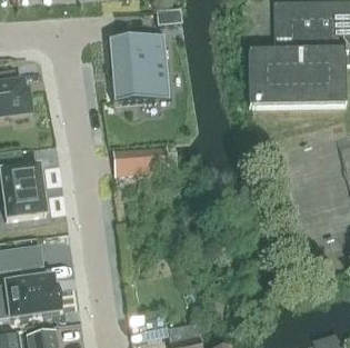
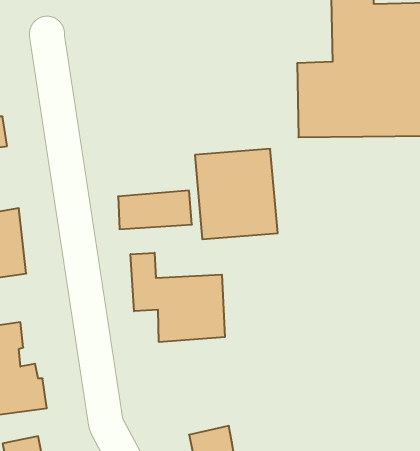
building: [107,33,169,101] -> [195,149,278,239]
building: none -> [131,253,225,342]

